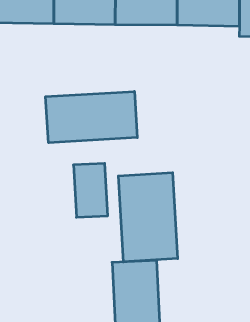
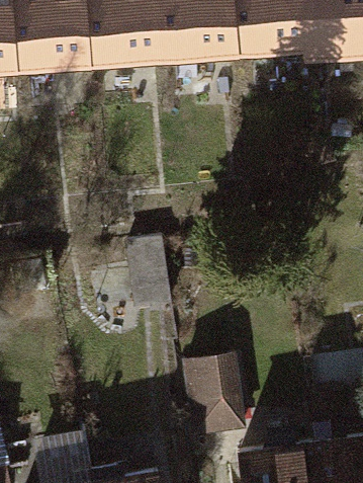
building: [46,91,137,143] -> none
building: [118,173,178,262] -> none

